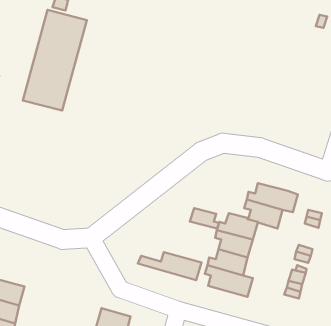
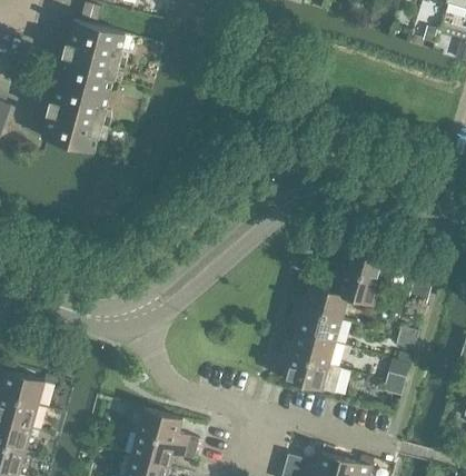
building: [190,208,219,229] -> none
building: [138,252,202,280] -> none

